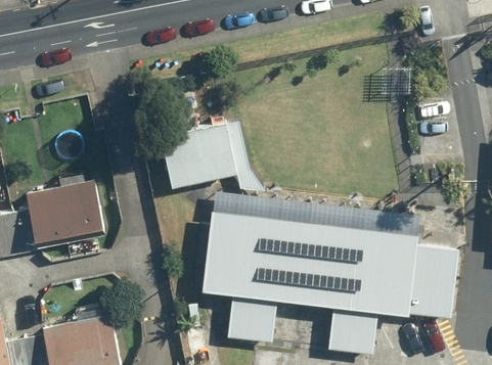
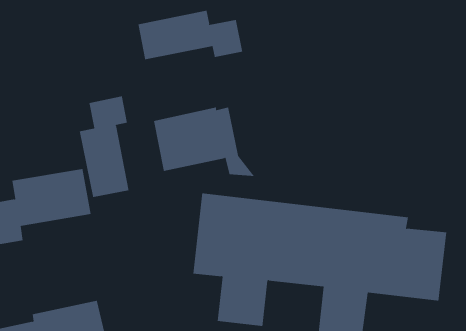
building: none -> [138,10,243,60]
building: none -> [79,96,129,198]

